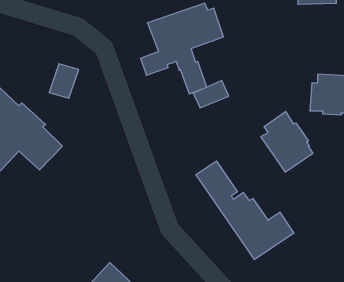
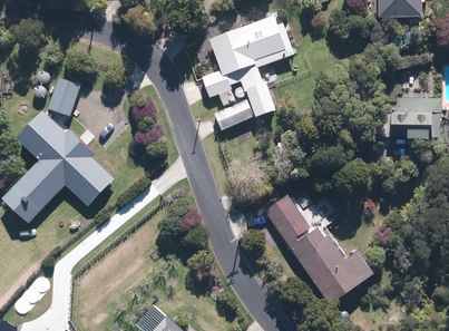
building: [49,64,79,98] -> [47,77,80,116]
building: [193,80,229,108] -> [213,98,253,129]
building: [261,111,313,172] -> none

